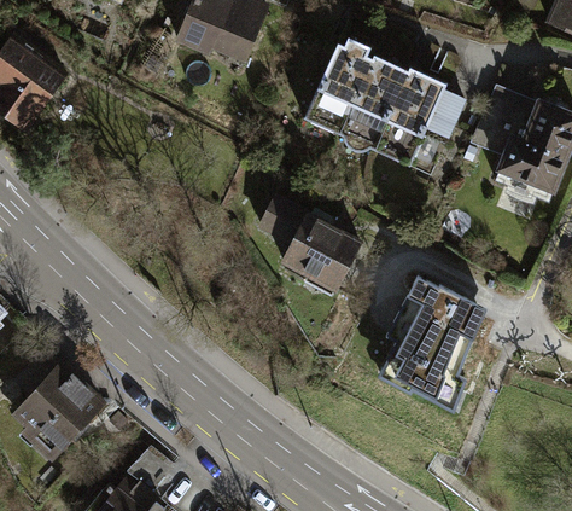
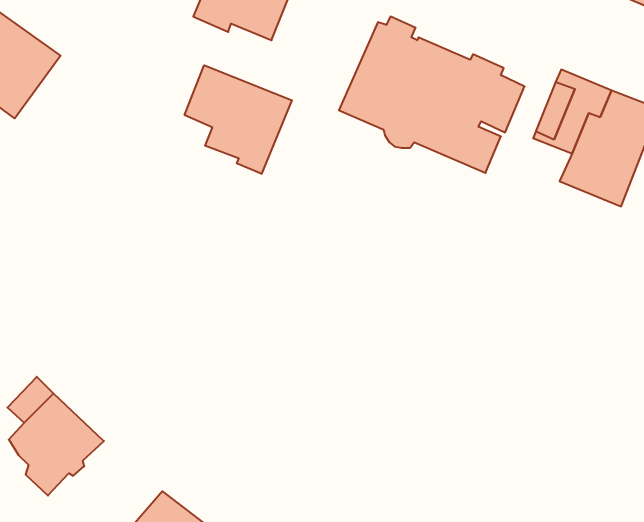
building: none -> [185,65,292,174]
building: [259,197,360,283] -> none
building: [381,274,489,408] -> none

